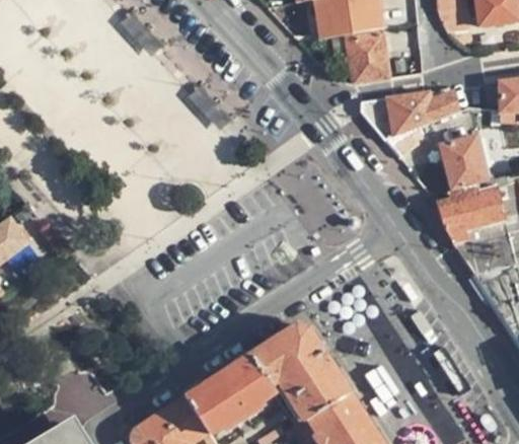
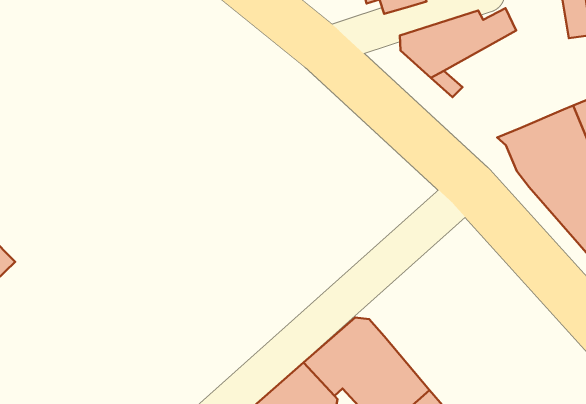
building: [440,135,488,191] -> none

